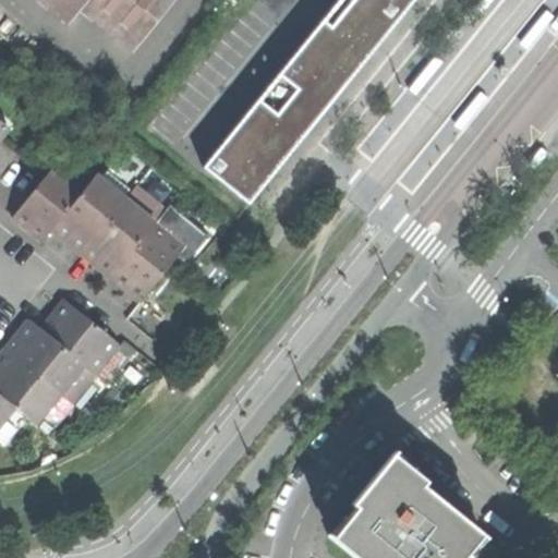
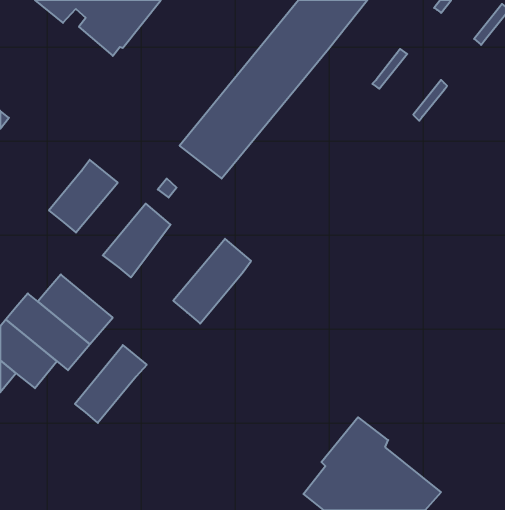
building: [21,163,95,243] -> none
building: [88,186,173,279] -> [173,239,251,324]
building: none -> [75,345,147,423]

